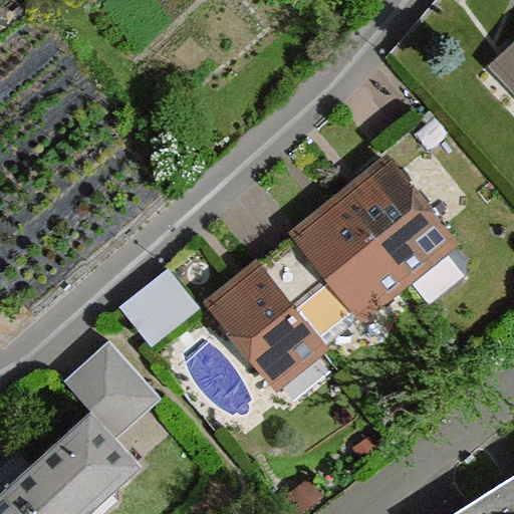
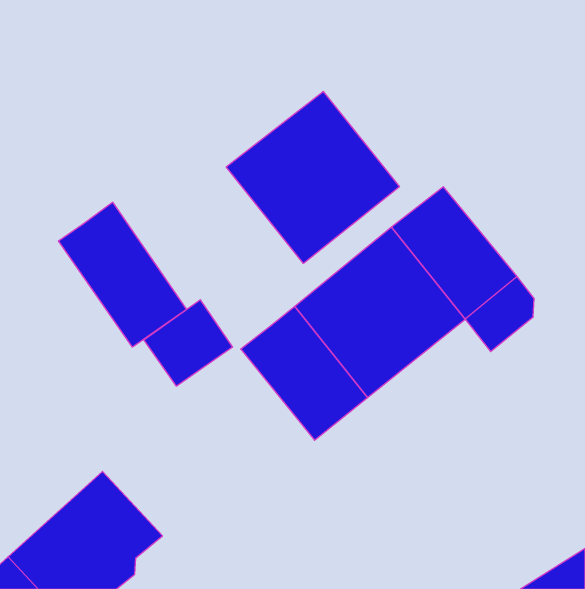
building: none -> [226,91,399,263]
building: none -> [58,202,187,347]
building: [68,346,159,441] -> none

